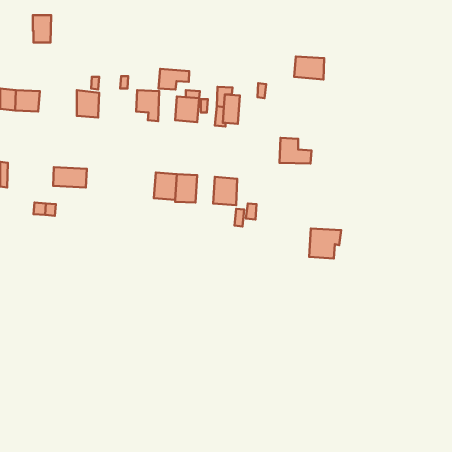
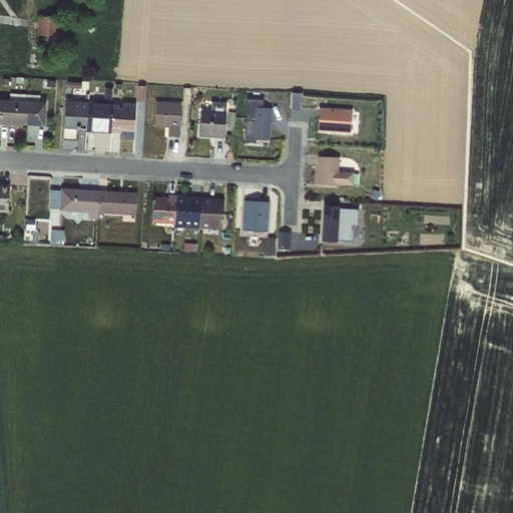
building: [294,56,324,79] -> [318,108,352,134]
building: [159,69,189,90] -> none
building: none -> [64,101,87,131]
building: none -> [111,103,134,138]
building: none -> [96,190,136,219]
building: none -> [151,194,176,224]
building: [309,228,341,258] -> [323,205,359,239]

